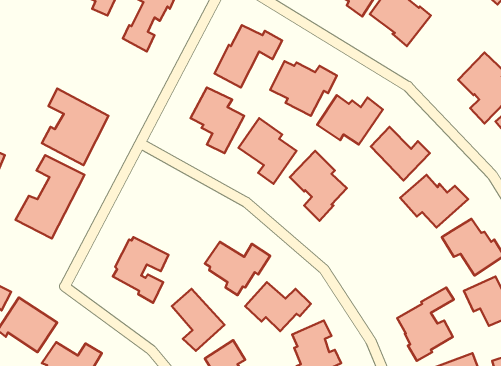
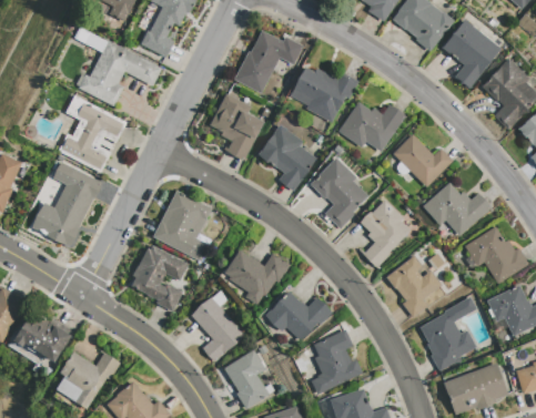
building: none -> [442,19,500,88]
building: none -> [79,40,161,105]
building: none -> [153,190,212,261]
building: none -> [361,200,409,267]
building: none -> [386,255,441,317]

